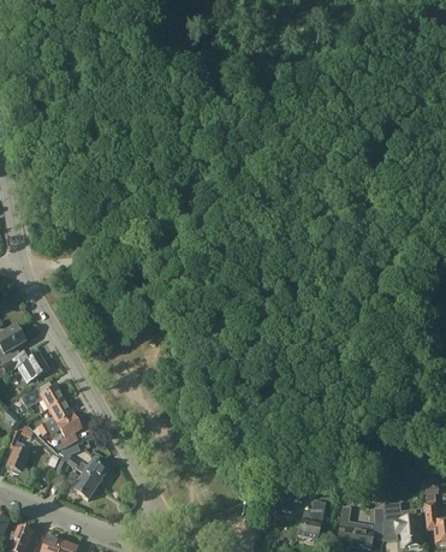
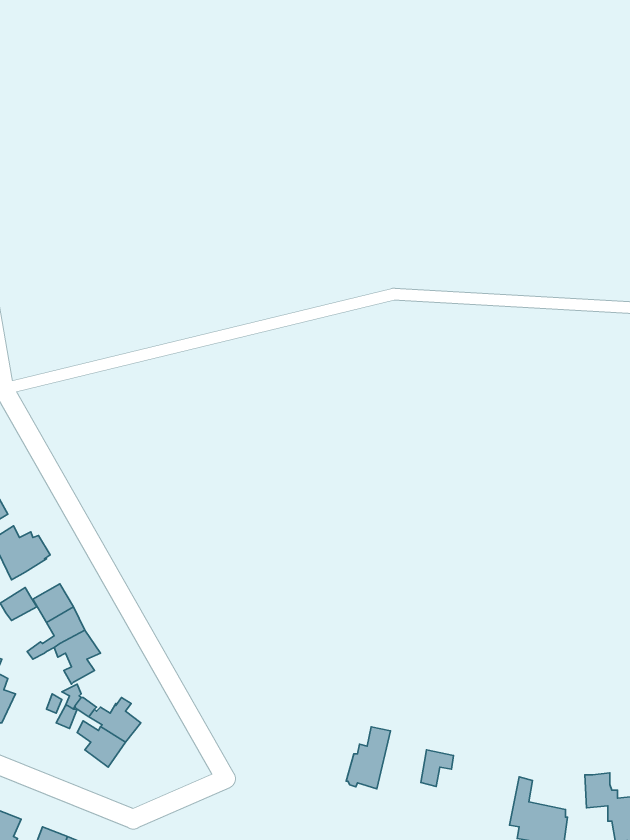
building: [297,499,325,538] -> [346,727,390,789]

